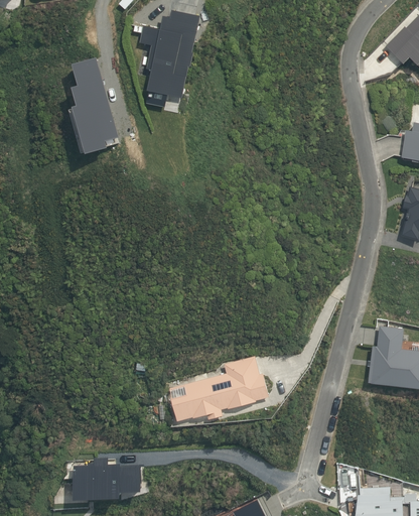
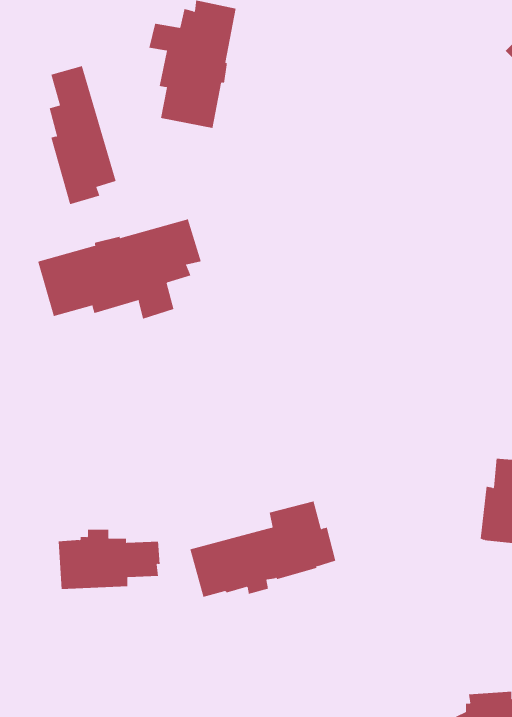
building: none -> [38,219,202,319]
building: [72,458,142,499] -> [58,529,160,589]

